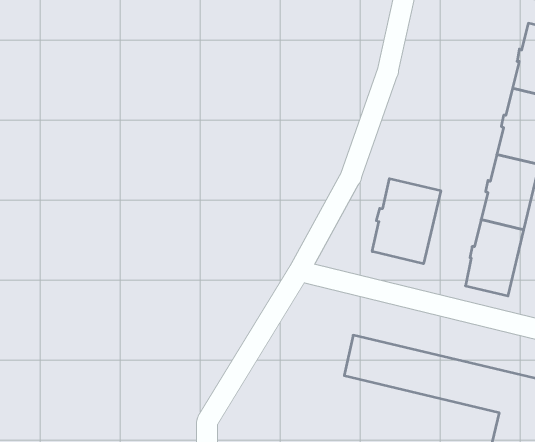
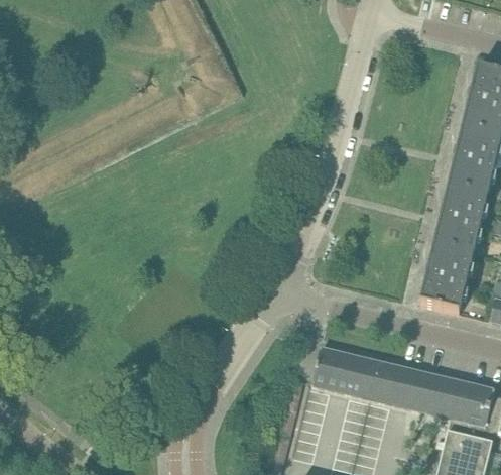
building: [372,179,441,264] -> none

